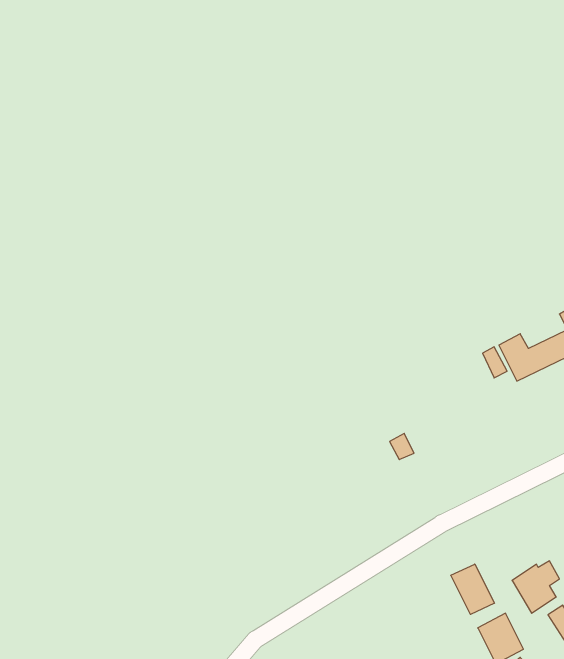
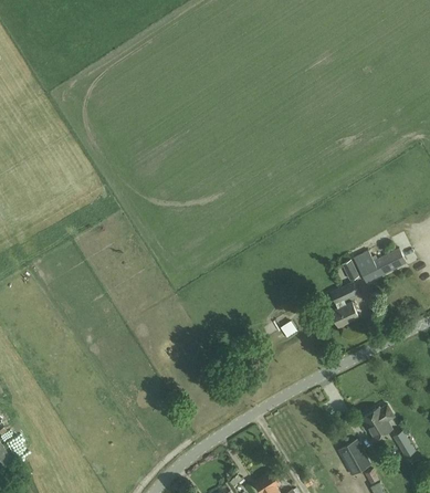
building: none -> [329,282,358,327]
building: [451,564,494,614] -> none

